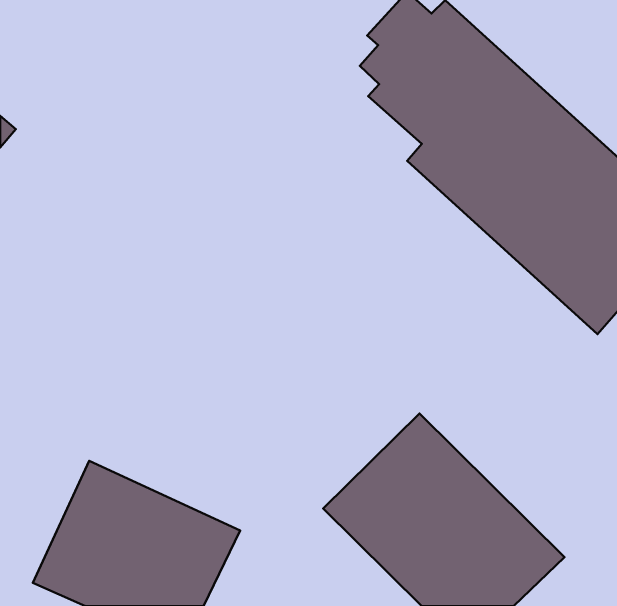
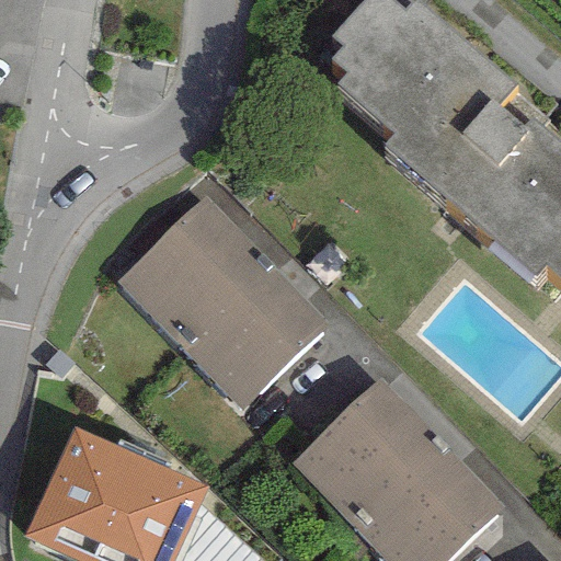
building: none -> [114,199,325,412]

